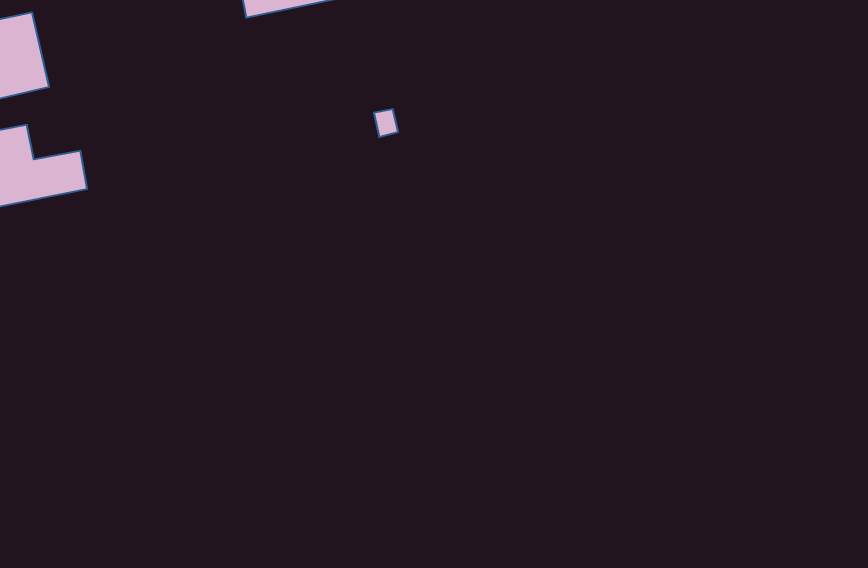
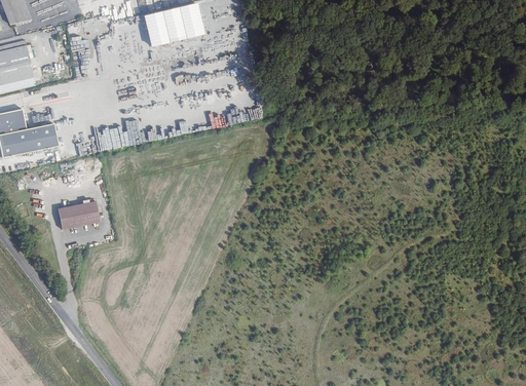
building: none -> [57,200,98,228]

